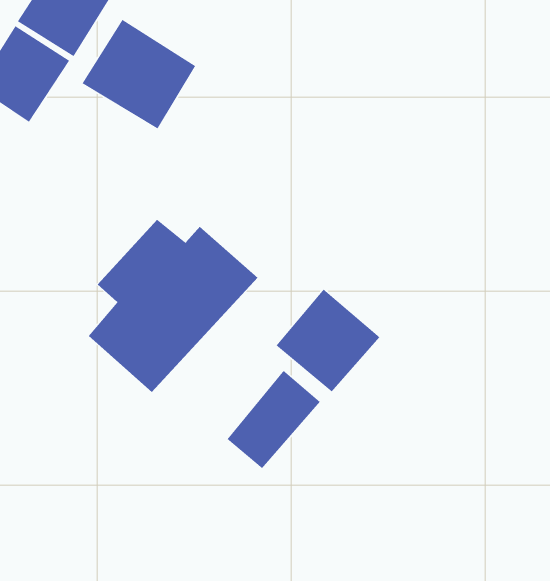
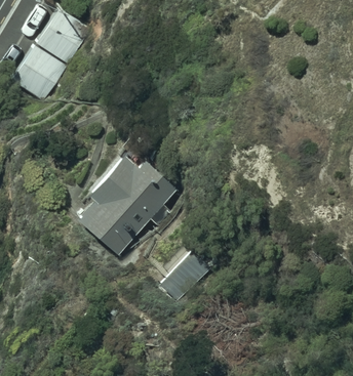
building: [82,19,196,130] -> none
building: [275,288,381,393] -> none

